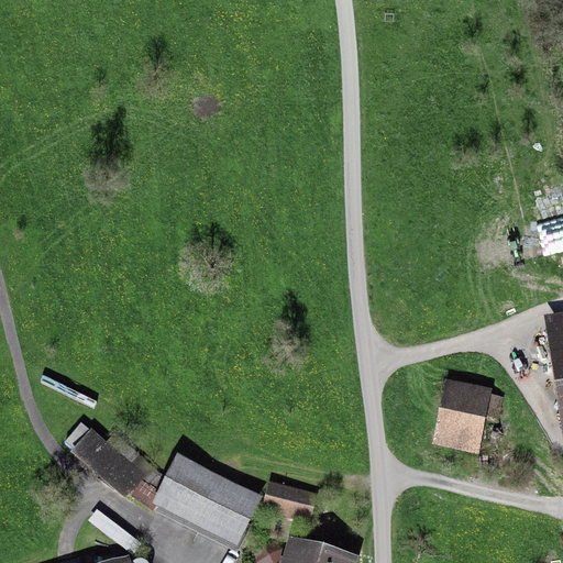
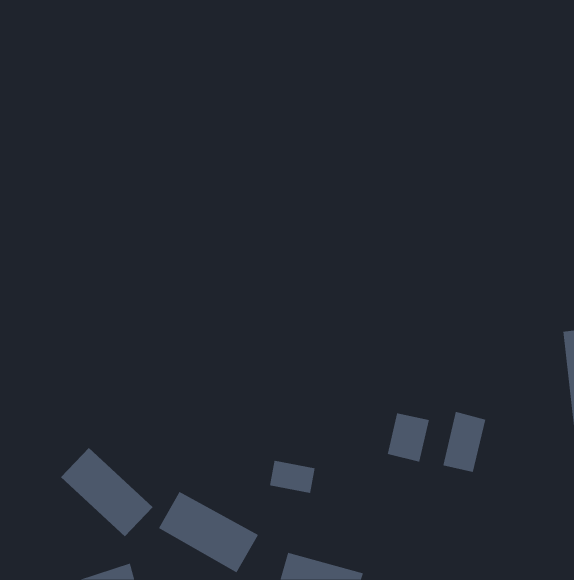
building: none -> [387,413,430,463]
building: [268,486,312,518] -> [269,460,316,494]

